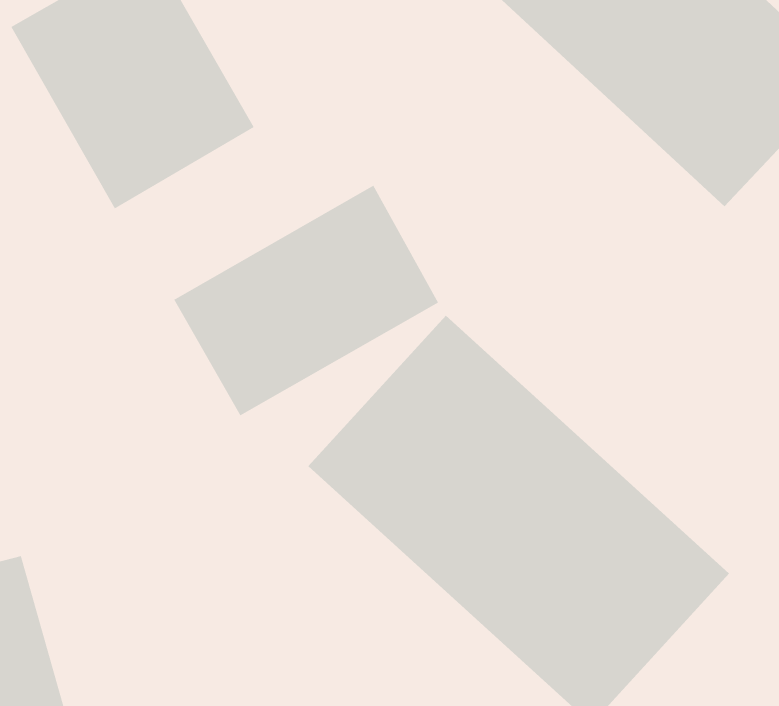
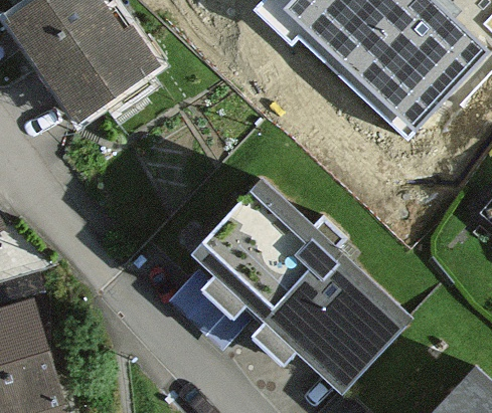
building: [173,185,439,416] -> none

